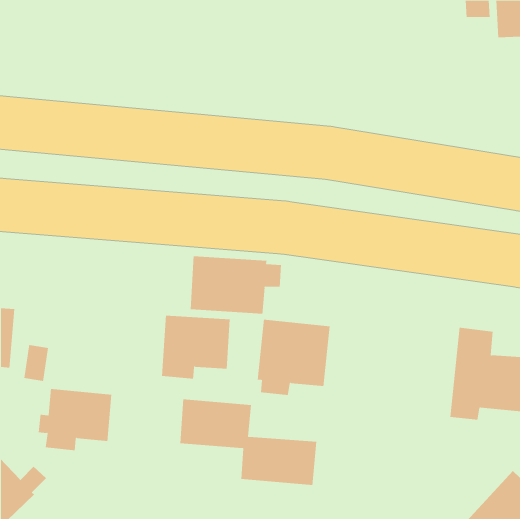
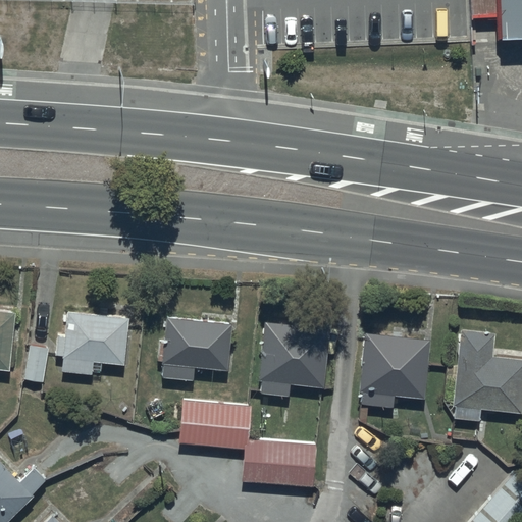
building: [190,255,281,314] -> none
building: none -> [357,333,429,409]
building: [38,389,112,451] -> [55,312,129,374]

